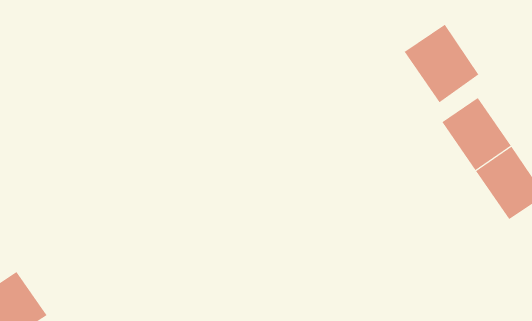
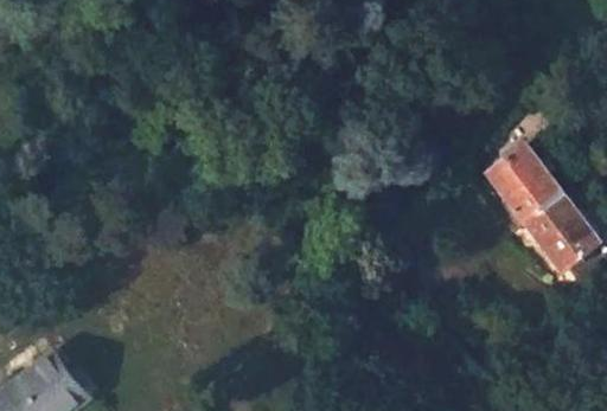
building: [404,24,479,103] -> none

